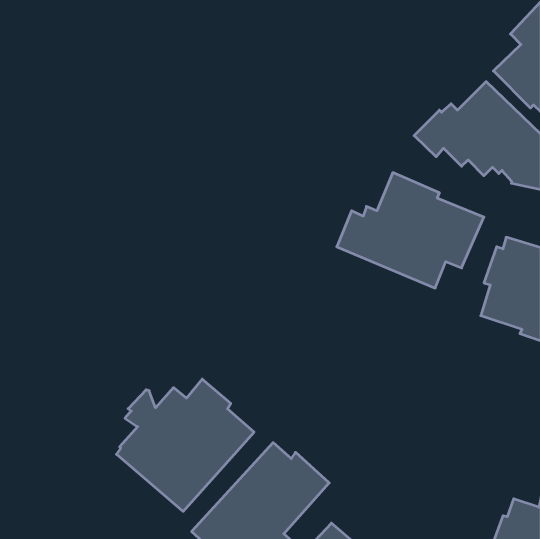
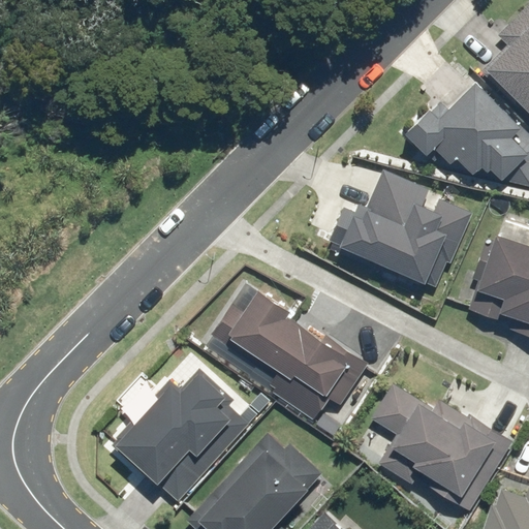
building: none -> [213,290,370,419]
building: none -> [372,383,514,510]

